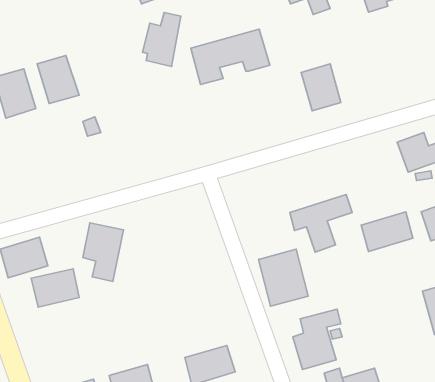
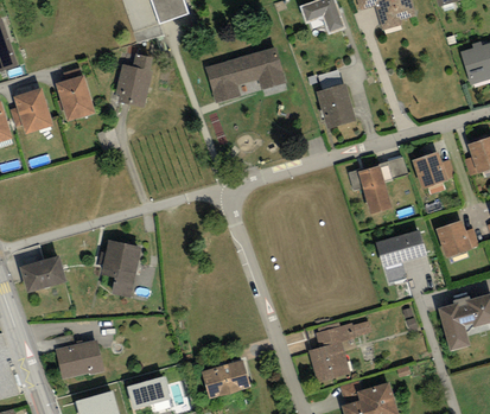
building: [143,12,181,67] -> [115,53,153,107]
building: [290,194,352,252] -> [346,157,408,214]
building: [258,249,308,306] -> none
building: [31,269,79,307] -> [56,342,103,380]

